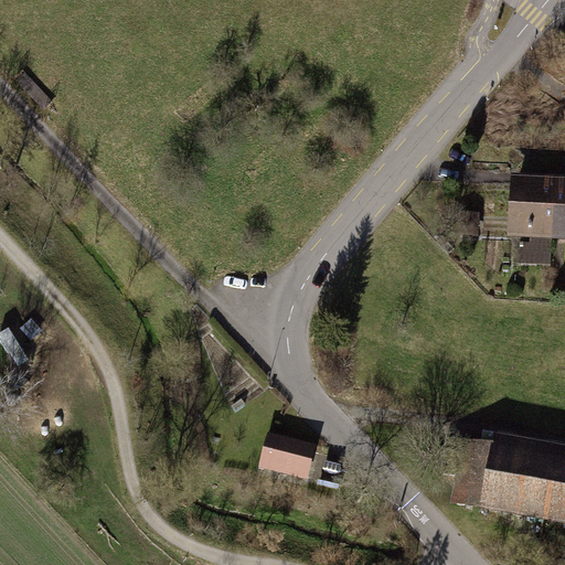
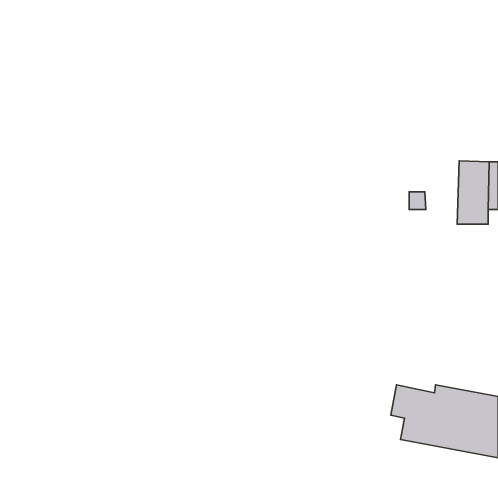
building: [262,435,312,475] -> none

